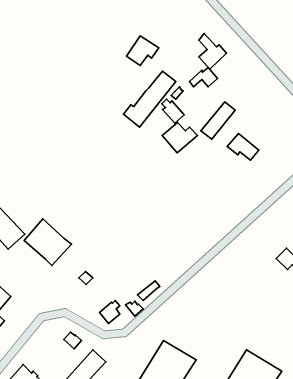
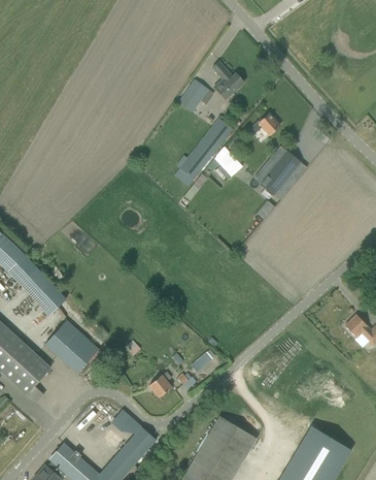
building: [199,34,227,69] -> [212,61,243,100]
building: [162,122,197,153] -> none
building: [227,134,259,160] -> none
building: [24,219,72,266] -> [45,321,98,373]

